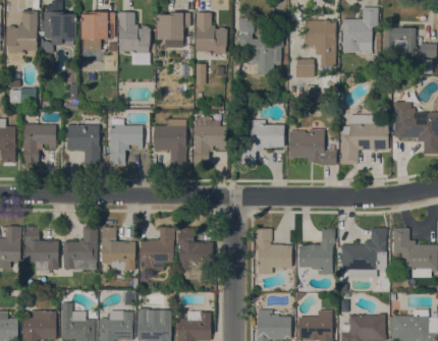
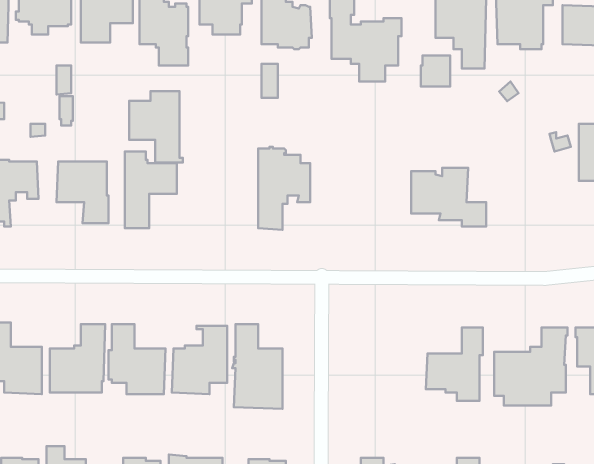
building: [340,114,388,164] -> none
building: [154,119,187,164] -> [129,91,183,163]
building: [241,119,284,164] -> none
building: [256,228,291,274] -> none

